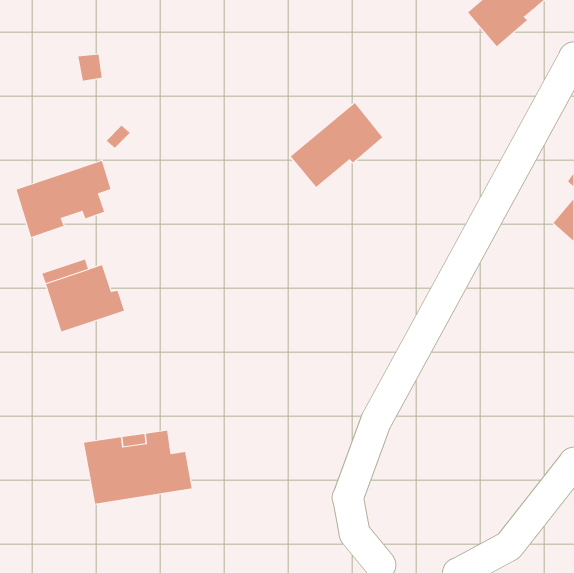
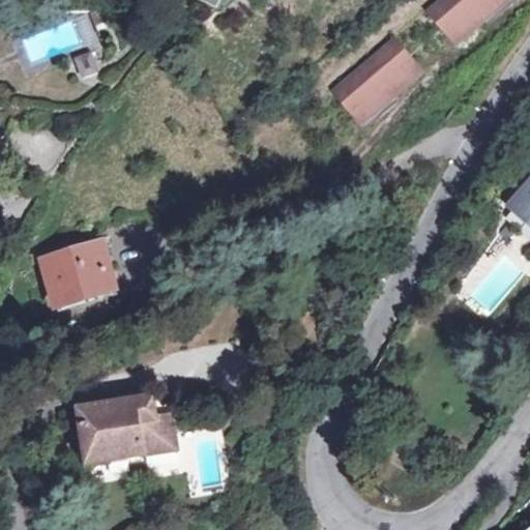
building: [290,102,383,188] -> [335,40,421,119]
building: [16,160,111,238] -> none

